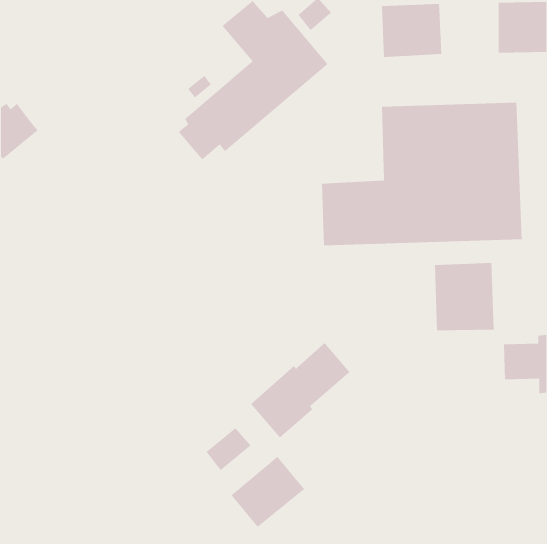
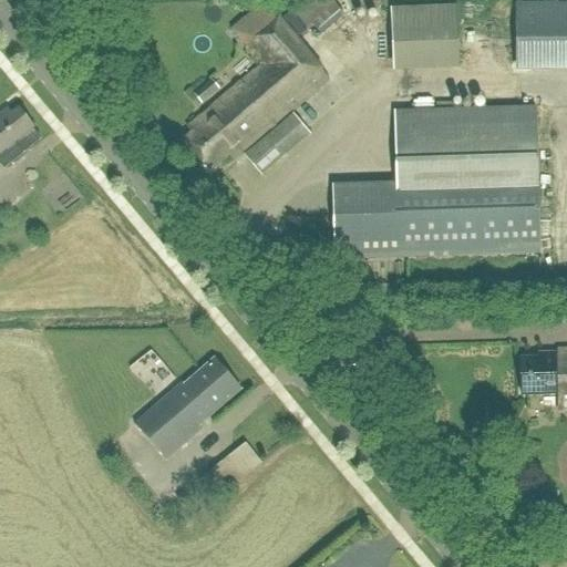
building: none -> [244,111,309,174]
building: [434,262,494,331] -> none
building: [250,342,351,438] -> [135,357,239,456]
building: [231,456,305,528] -> none

